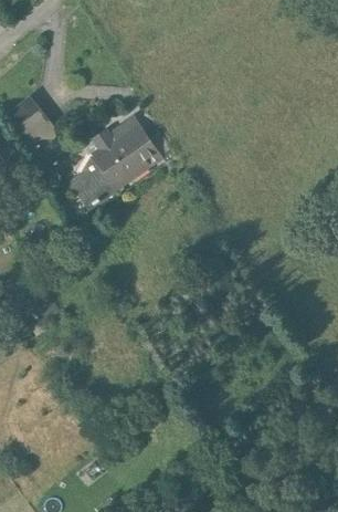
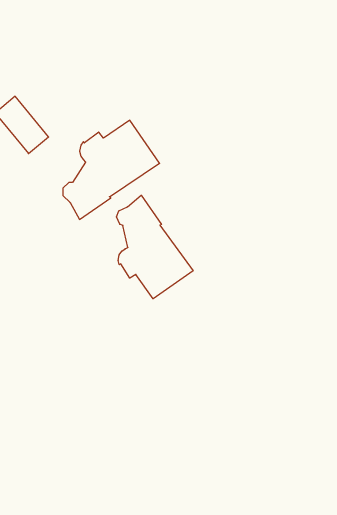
building: none -> [117,195,193,299]

